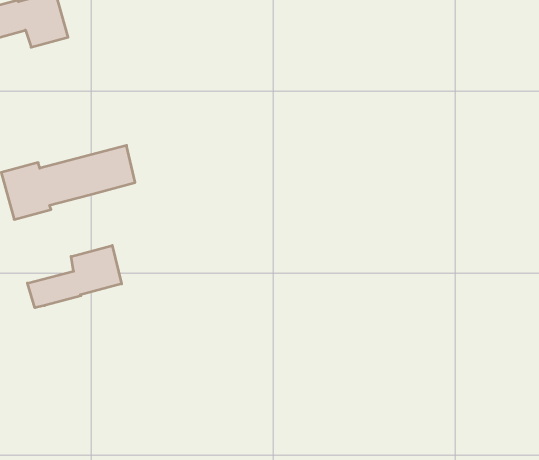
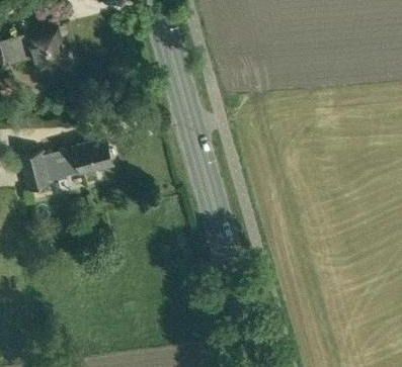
building: [27,245,122,308] -> none

